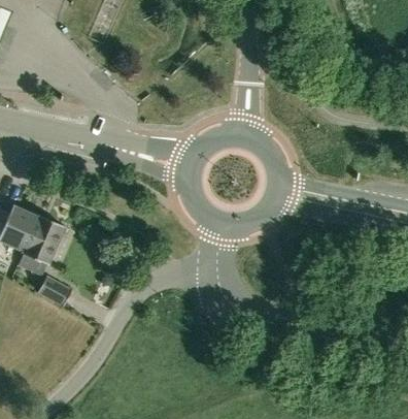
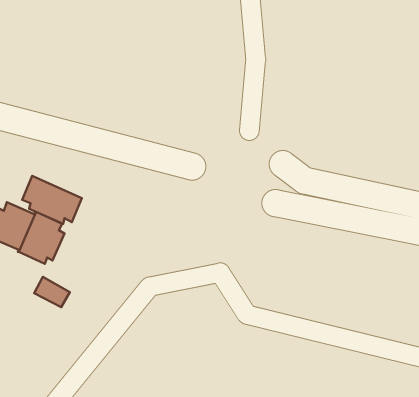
building: none -> [22,176,82,224]

